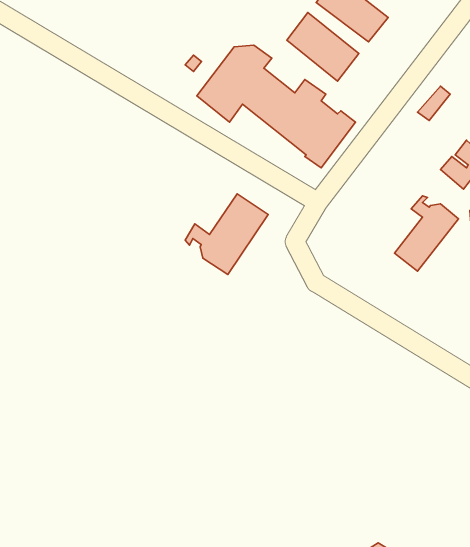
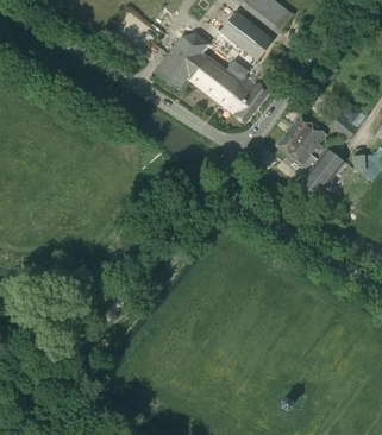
building: none -> [277,114,327,164]
building: [185,194,268,274] -> none

